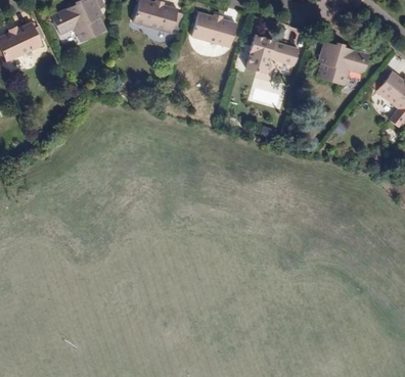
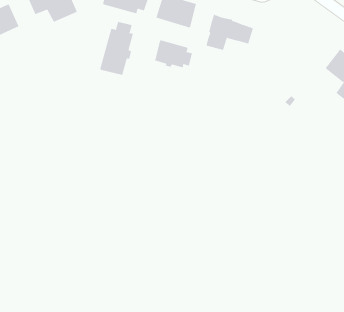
building: none -> [100,21,134,76]
building: [319,43,371,87] -> none
building: none -> [154,40,192,68]

